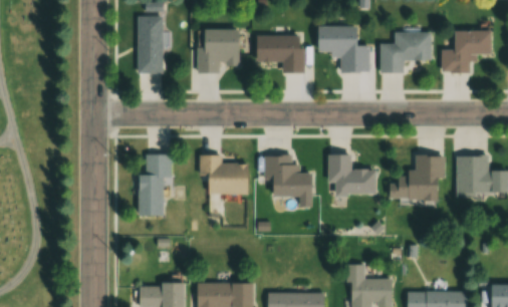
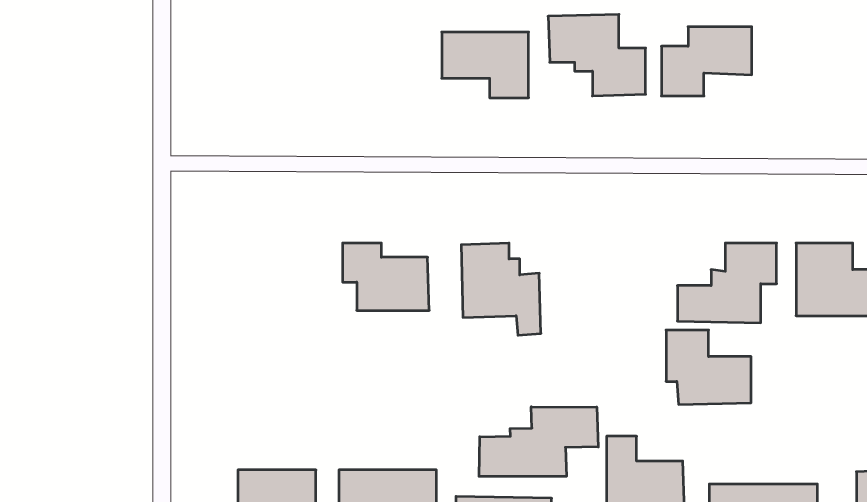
building: [133,21,158,78] -> none
building: [197,29,239,72] -> none
building: [443,30,491,72] -> none
building: [139,154,173,215] -> none
building: [328,154,376,196] -> [666,330,751,404]
building: none -> [479,407,598,476]

